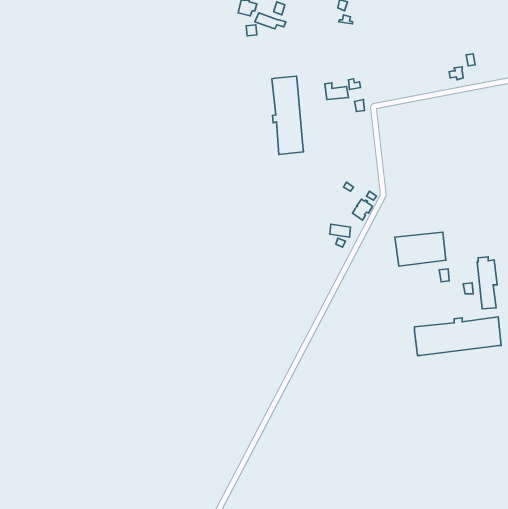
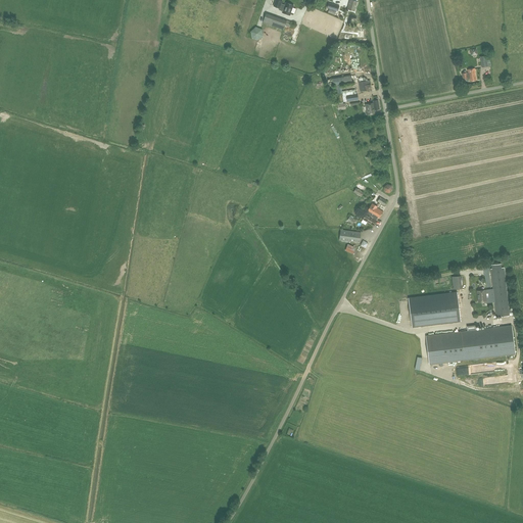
building: [272,76,304,154] -> none
building: [395,232,446,266] -> [407,292,459,327]

